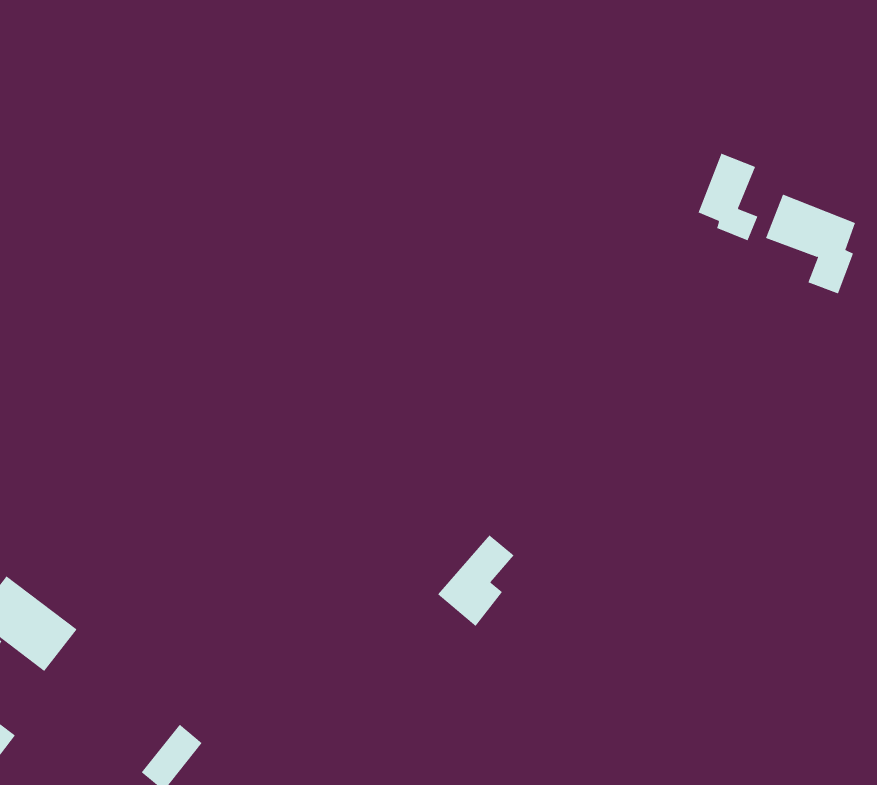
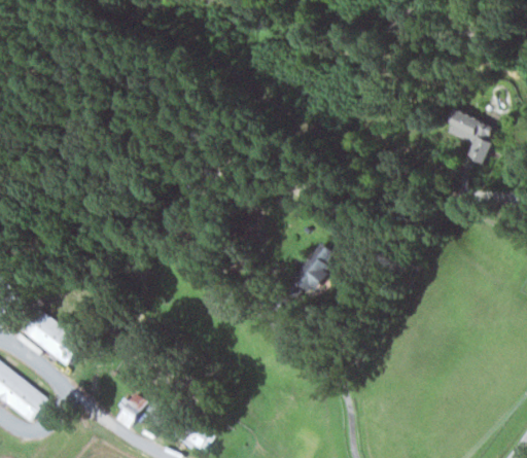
building: [698,153,758,241] -> none
building: [437,534,514,627] -> [292,241,333,290]

